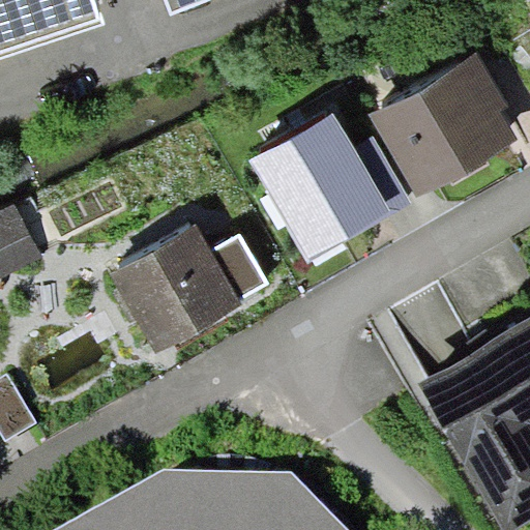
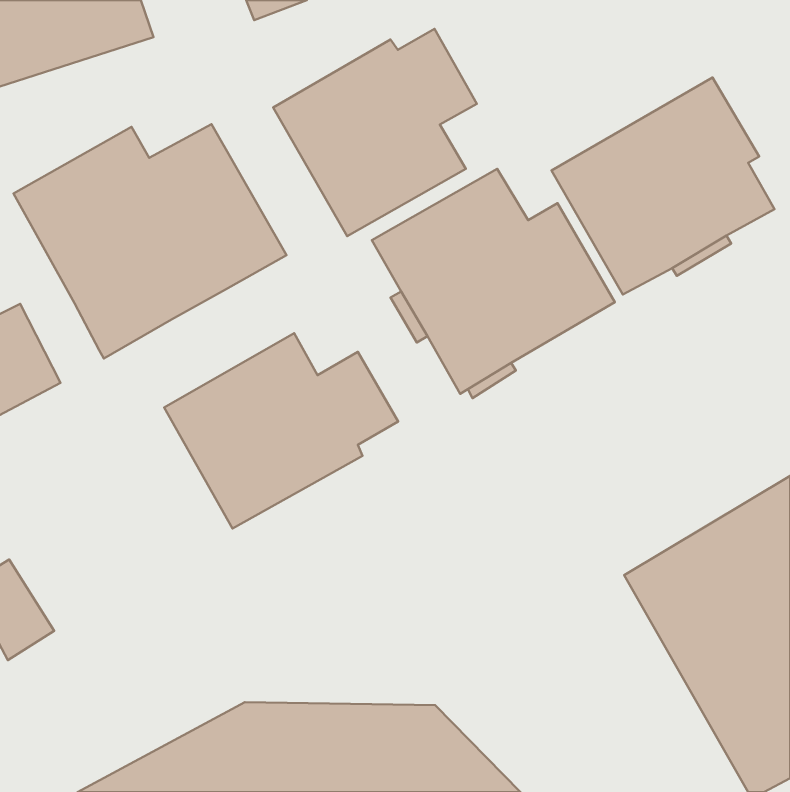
building: none -> [273,29,477,236]
building: none -> [13,124,286,358]

